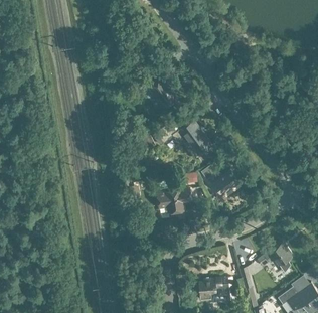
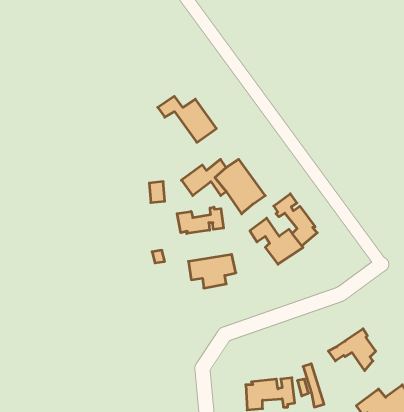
building: none -> [274,194,317,246]
building: none -> [177,207,224,234]

